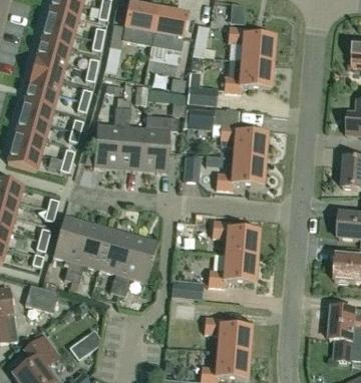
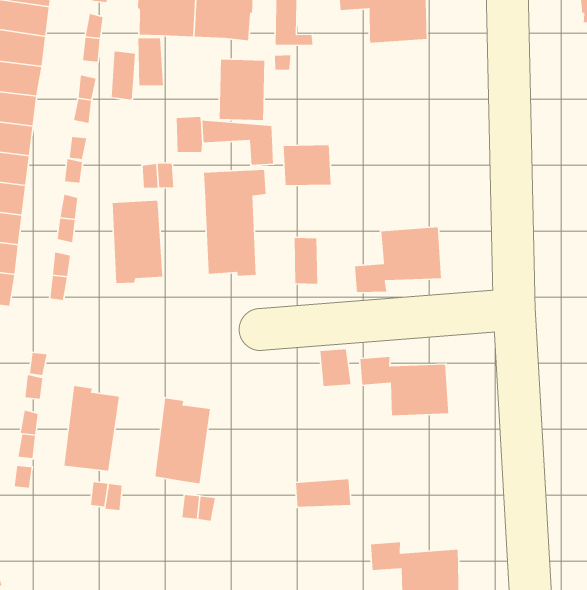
building: [224,60,271,91] -> none
building: [186,71,218,105] -> none
building: [219,123,265,159] -> none
building: [117,125,144,169] -> none
building: [75,224,109,268] -> none
building: [121,237,157,282] -> none
building: [208,254,255,286] -> none
building: [27,284,57,312] -> none

